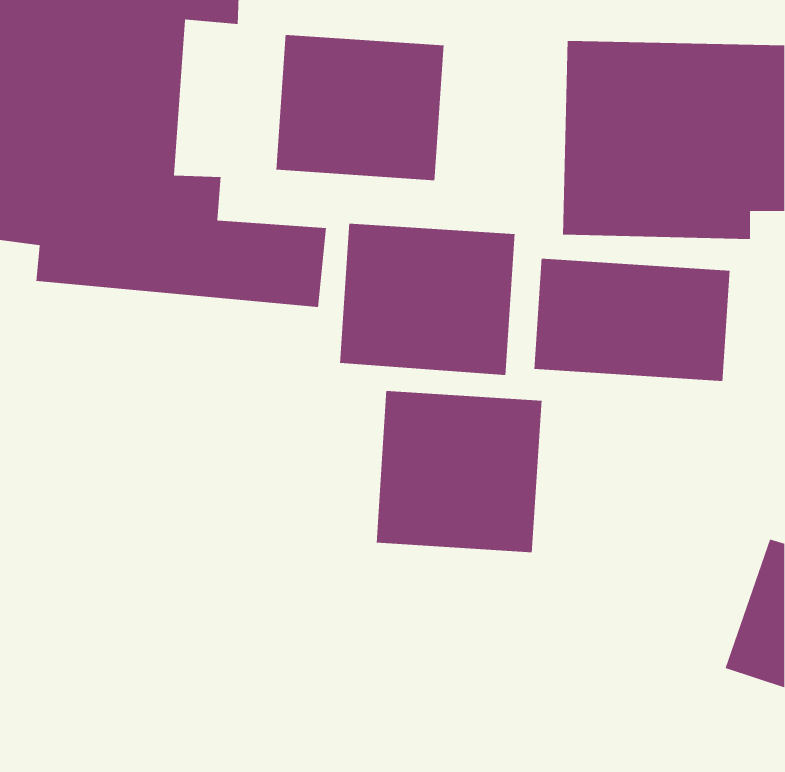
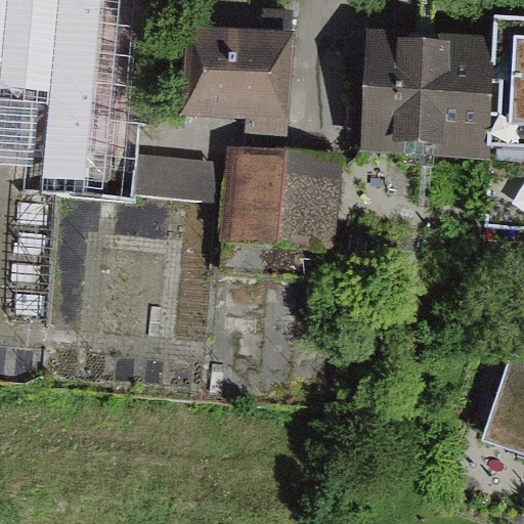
building: [534,258,730,382] -> none
building: [376,390,542,553] -> none

